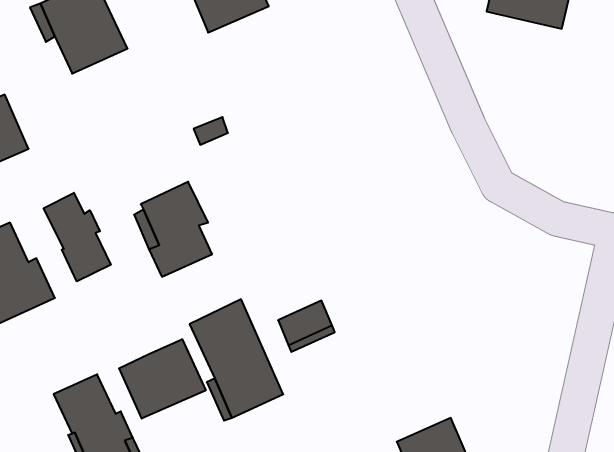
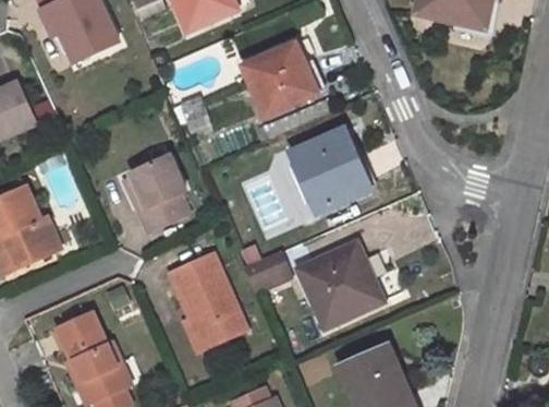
building: none -> [243,43,315,115]
building: none -> [290,128,368,211]
building: [44,193,111,281] -> none
building: none -> [296,241,382,327]
building: [119,339,206,419] -> none

